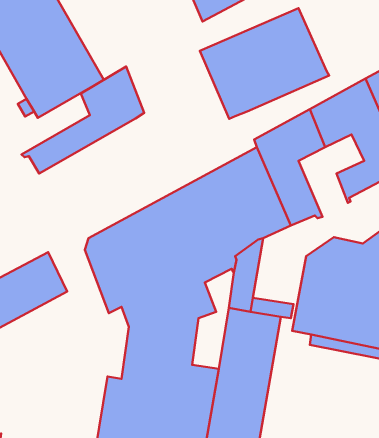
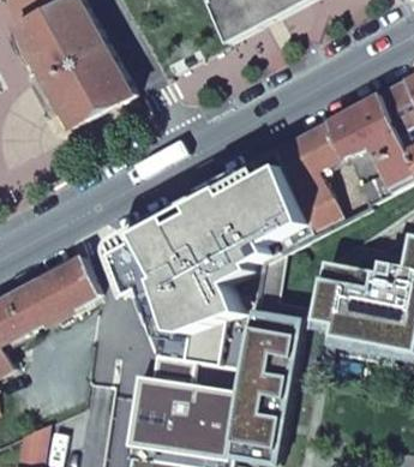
building: [200,8,329,119] -> none
building: [22,67,144,173] -> none

